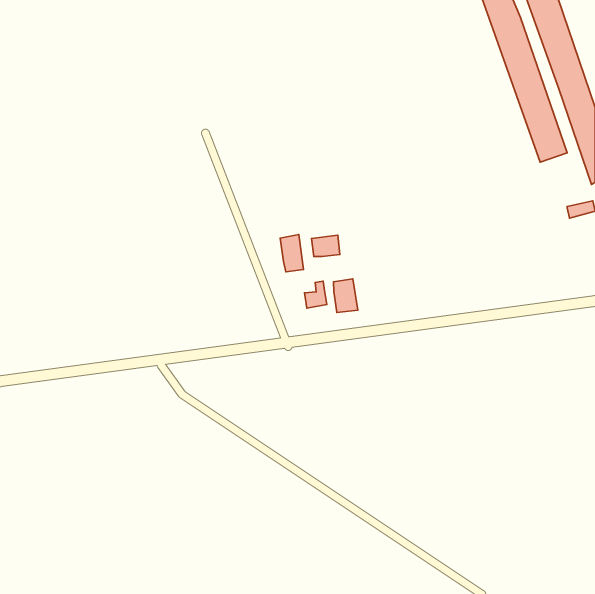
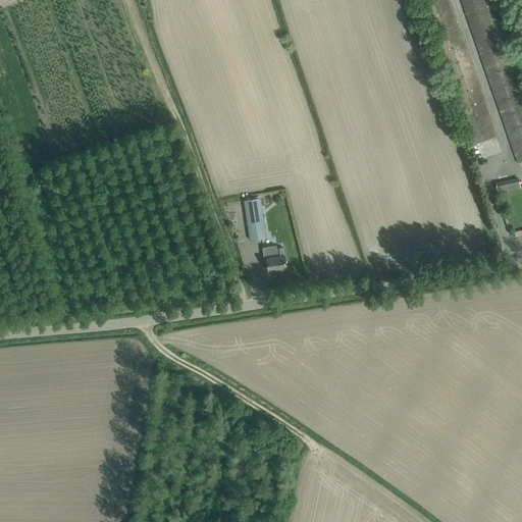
building: [311,235,340,257] -> none
building: [333,279,358,313] -> none

